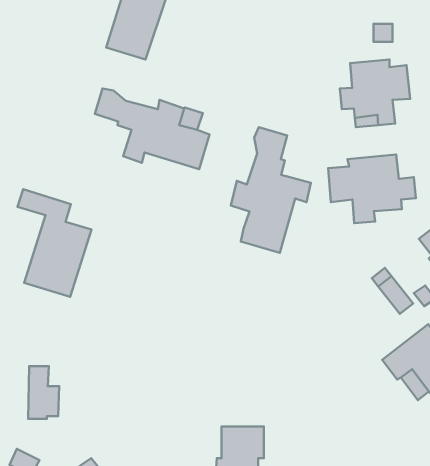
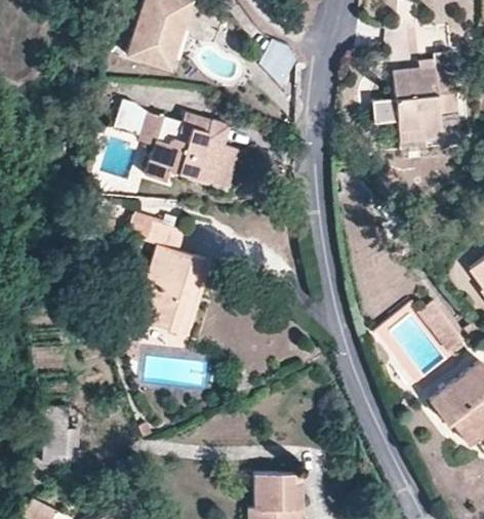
building: [231,127,311,253] -> none
building: [328,154,416,223] -> none
building: [17,189,92,297] -> [128,215,209,333]

